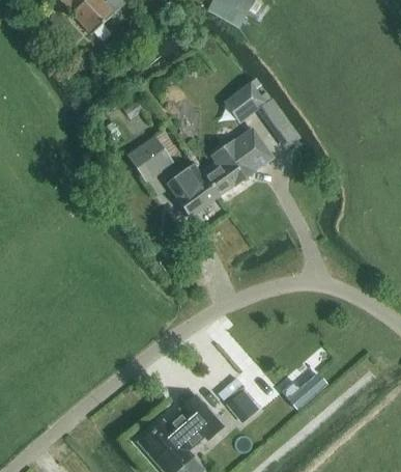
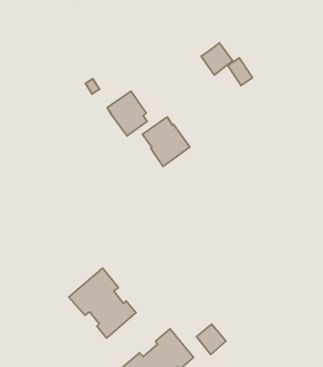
building: [201,128,273,195] -> none
building: none -> [69,268,136,338]
building: [282,370,323,409] -> none

